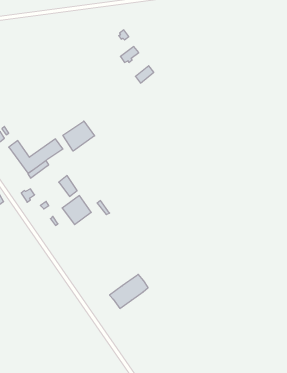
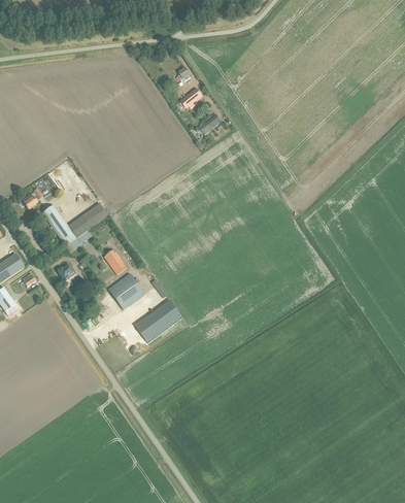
building: [63,121,95,151] -> none
building: [110,274,148,308] -> [134,299,181,341]

